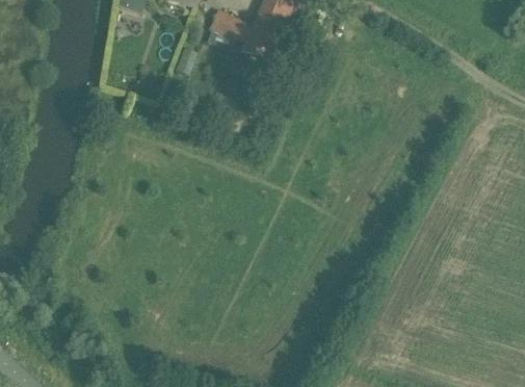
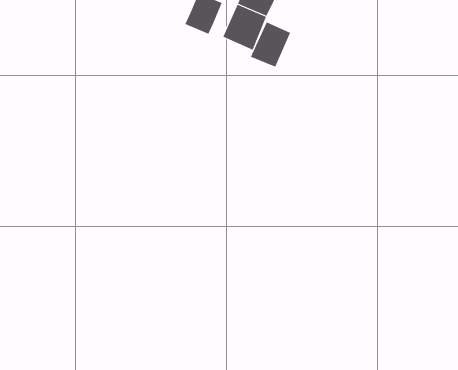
building: none -> [250,22,291,67]

